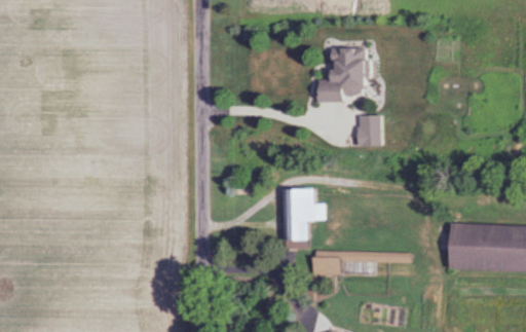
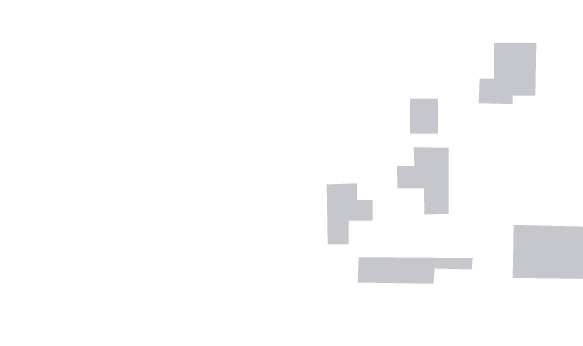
building: [315,48,367,102] -> [478,43,537,105]
building: none -> [396,147,449,215]

